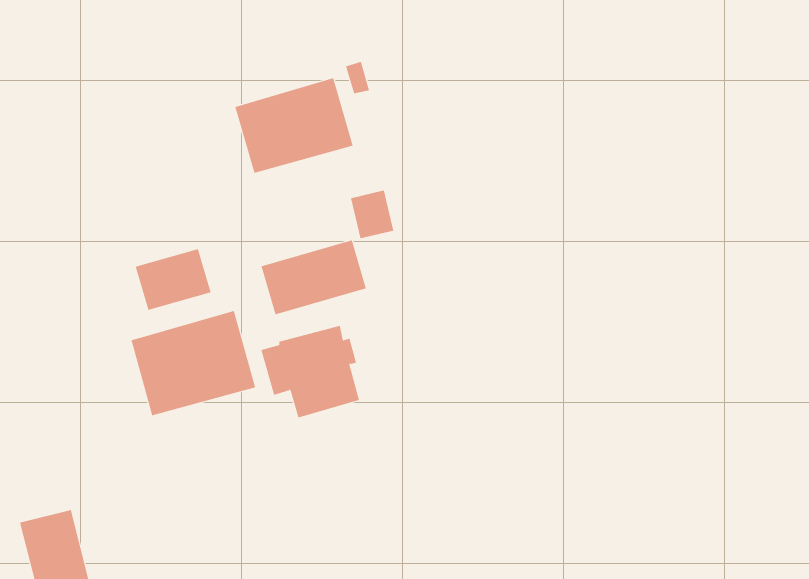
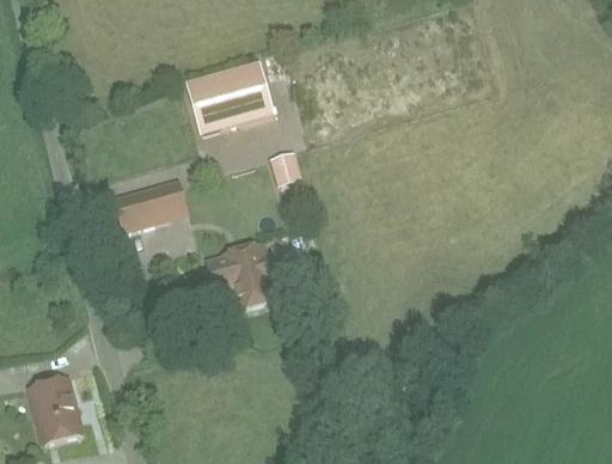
building: [261,240,367,315] -> none
building: [131,310,256,416] -> none

